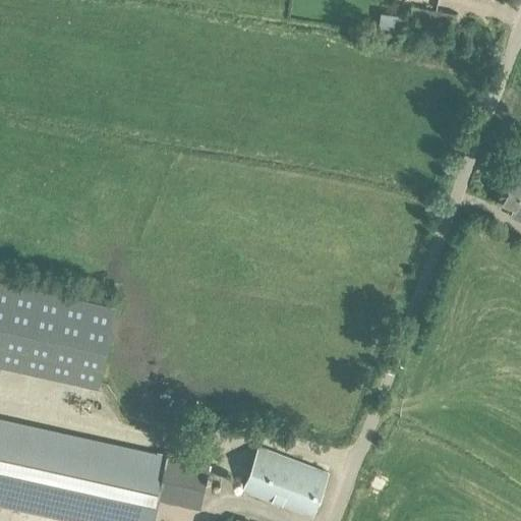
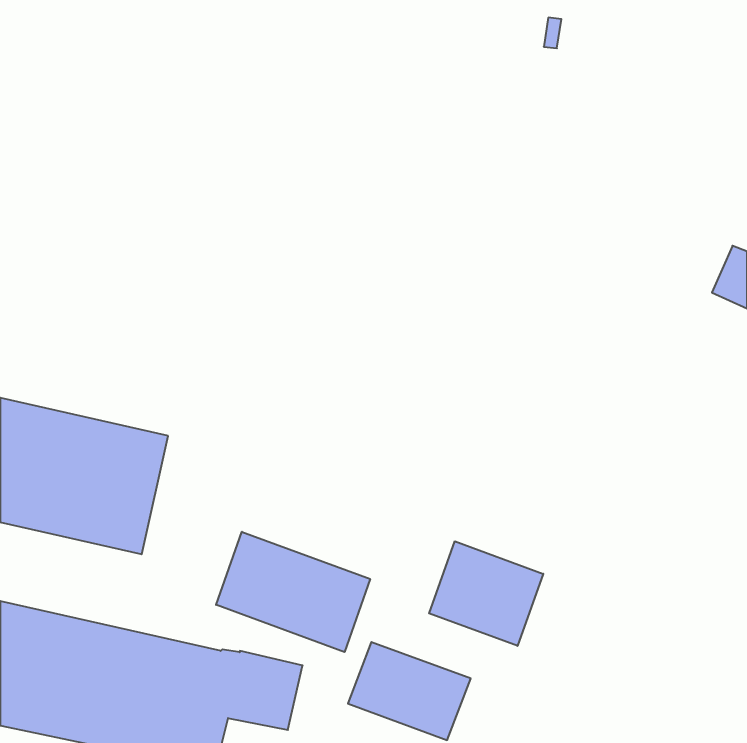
building: none -> [216,532,370,652]
building: none -> [429,541,543,646]

